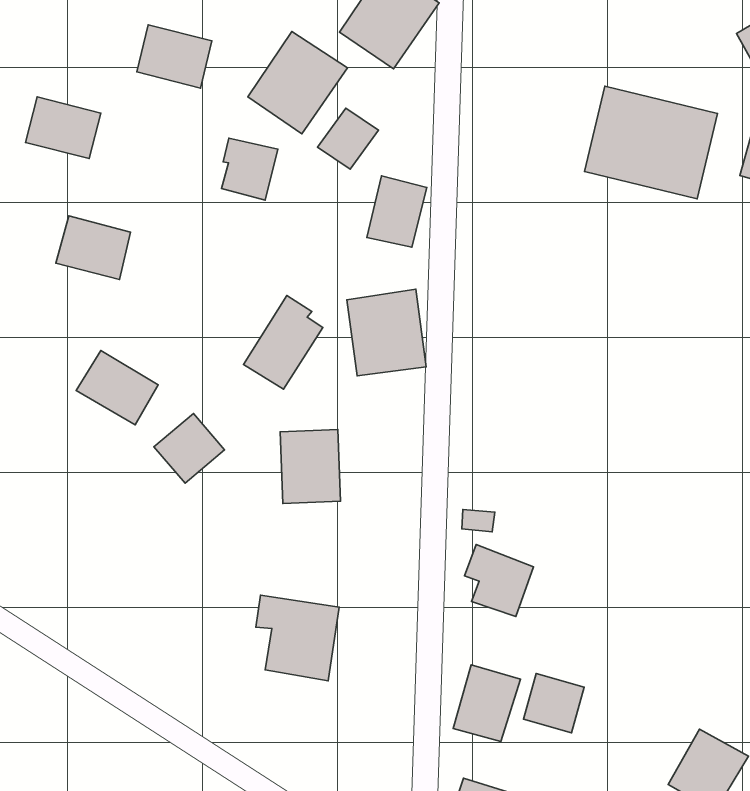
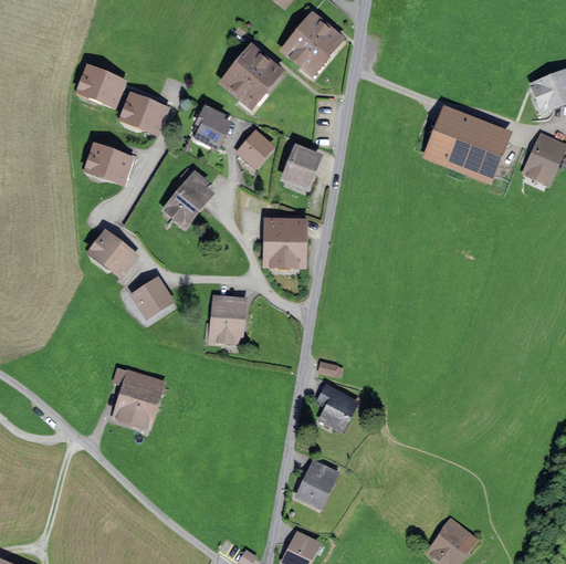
building: [137,25,212,88] -> [118,91,168,135]
building: [318,108,379,169] -> [234,128,274,167]
building: [243,295,323,389] -> [160,170,213,229]
building: [256,595,339,681] -> [109,366,164,426]
building: [524,673,584,733] -> none

